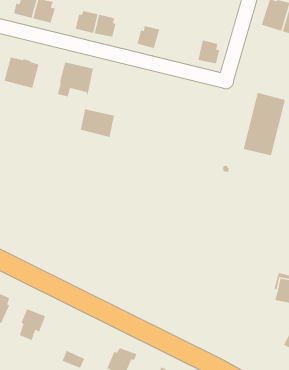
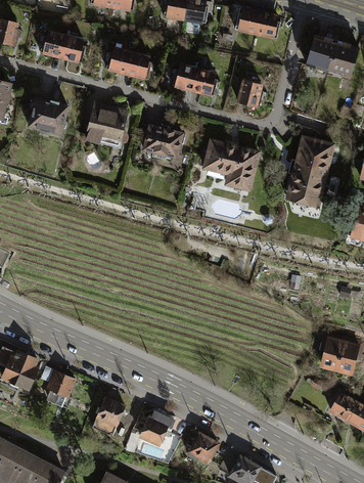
building: none -> [192,70,218,96]
building: none -> [204,140,259,189]
building: [80,108,115,138] -> [144,127,182,159]
building: none -> [97,397,125,425]

